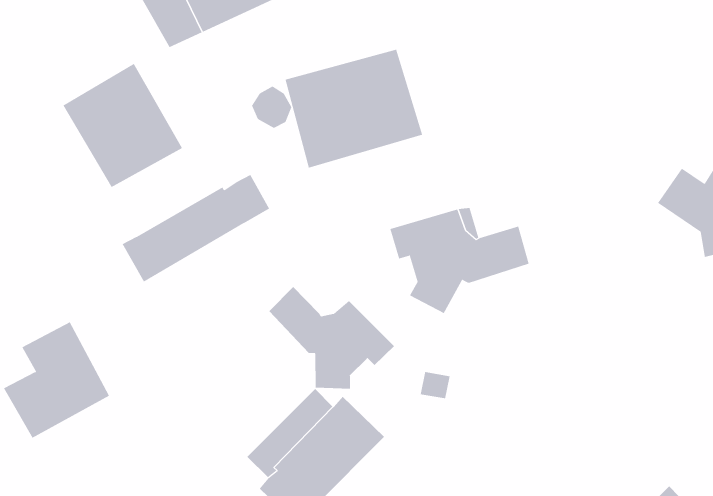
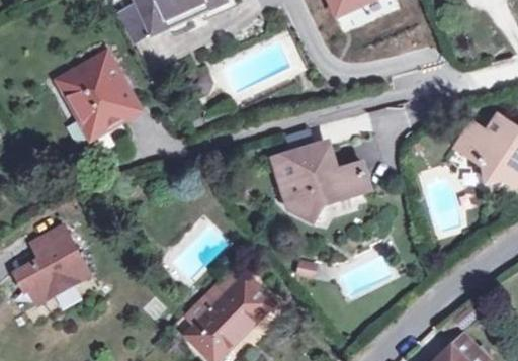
building: [285,49,423,168] -> none
building: [122,174,270,283] -> none
building: [269,286,395,390] -> none

